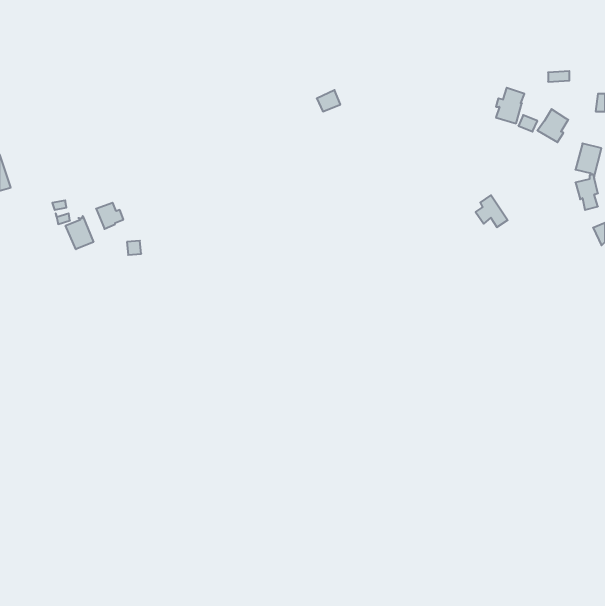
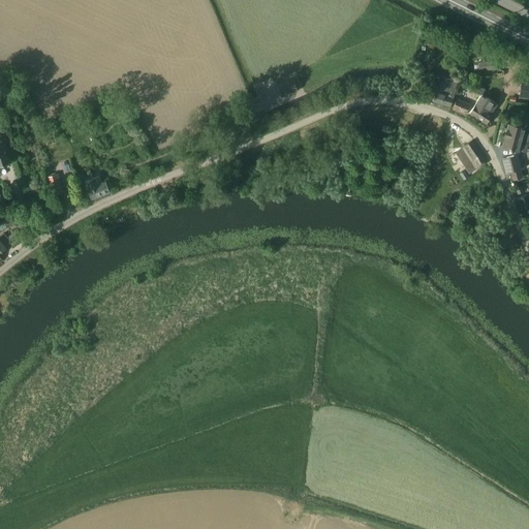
building: [476,195,508,227] -> [458,141,486,168]
building: [66,216,93,249] -> none

